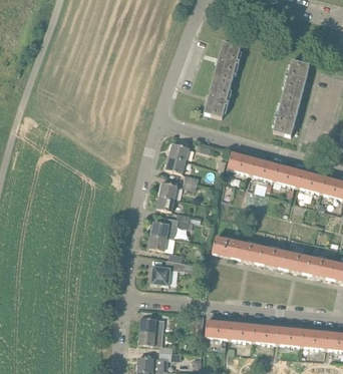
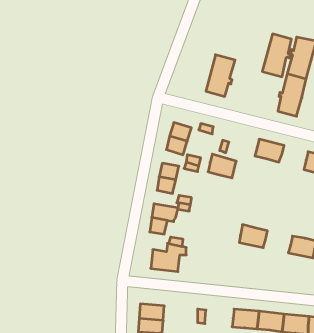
building: [213,41,241,82] -> [262,34,291,77]
building: [228,151,255,174] -> [208,154,236,178]
building: [274,164,302,188] -> none
building: [212,236,239,258] -> none
building: [259,247,287,268] -> none
building: [205,320,231,339] -> none

